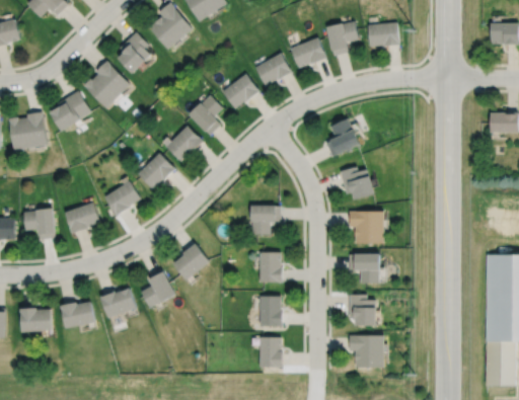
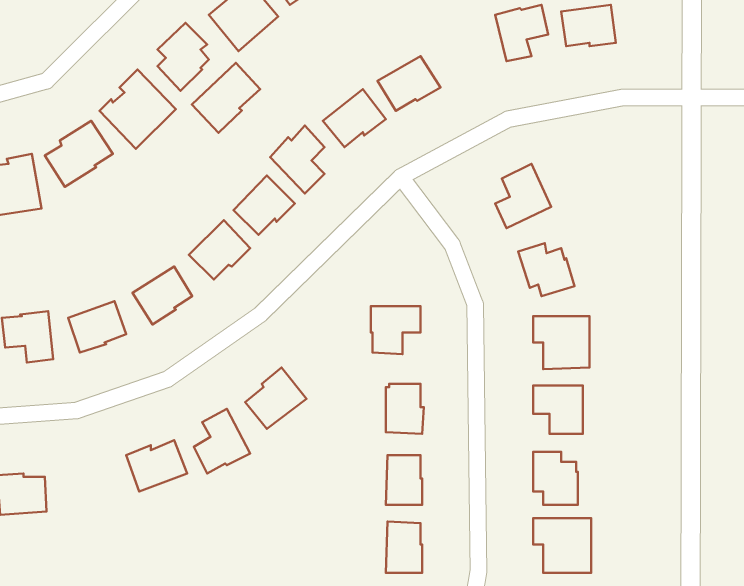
building: [288,36,326,68] -> none
building: none -> [192,63,260,133]
building: [61,302,95,329] -> none

